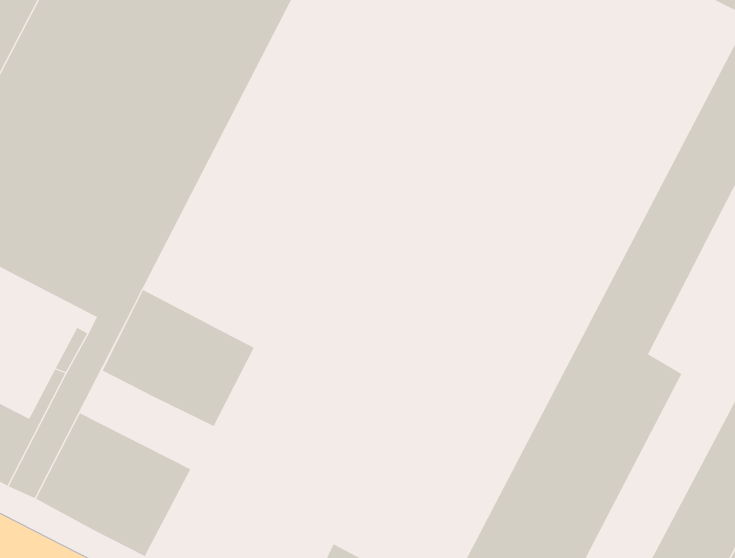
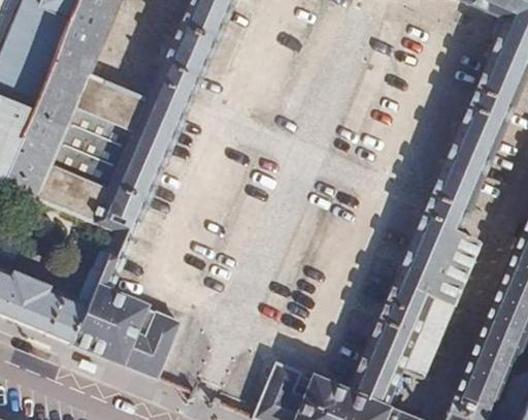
building: [102,289,255,427] -> none

